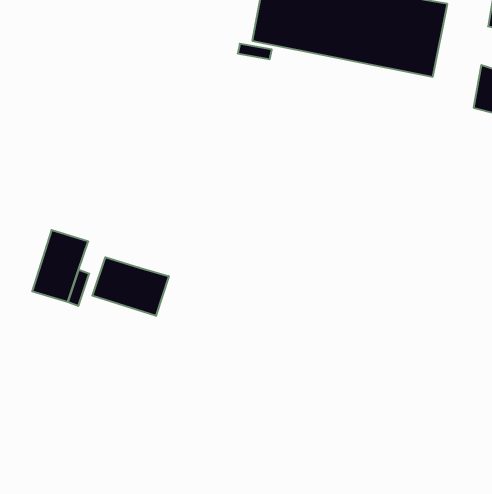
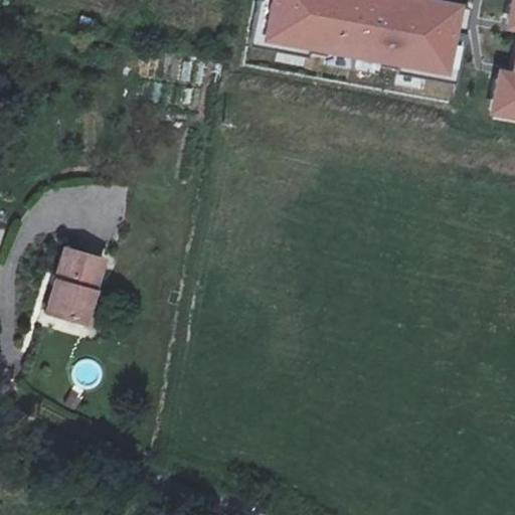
building: [92,257,169,316] -> none

